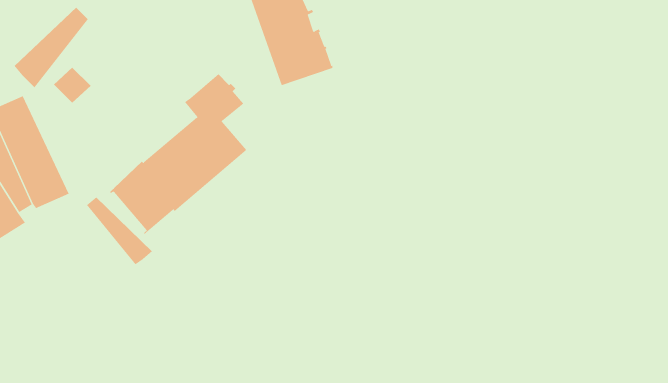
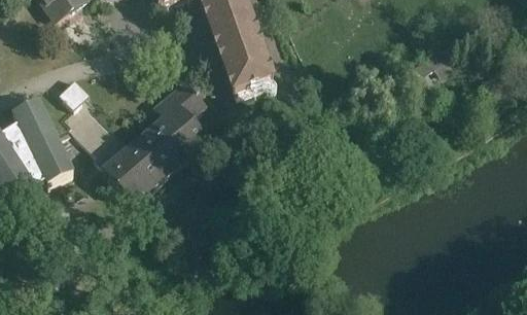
building: [14,7,89,88] -> none
building: [86,197,153,265] -> none

